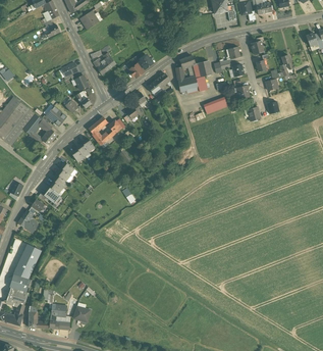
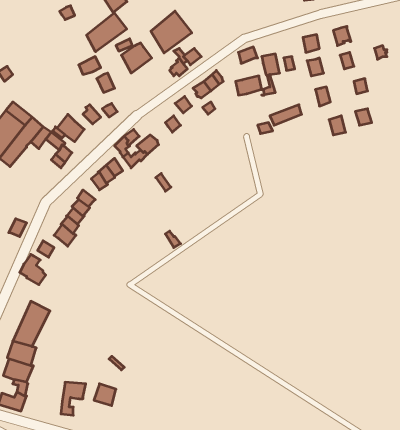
building: none -> [151,11,192,53]
building: none -> [87,13,127,52]

